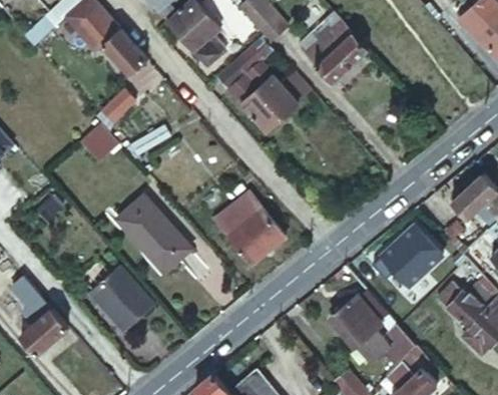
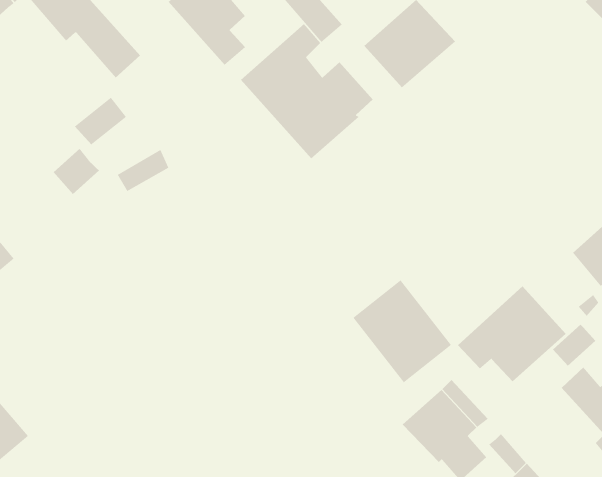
building: [214,191,285,265] -> [352,280,452,383]
building: [114,198,189,275] -> none
building: [95,274,160,340] -> none

